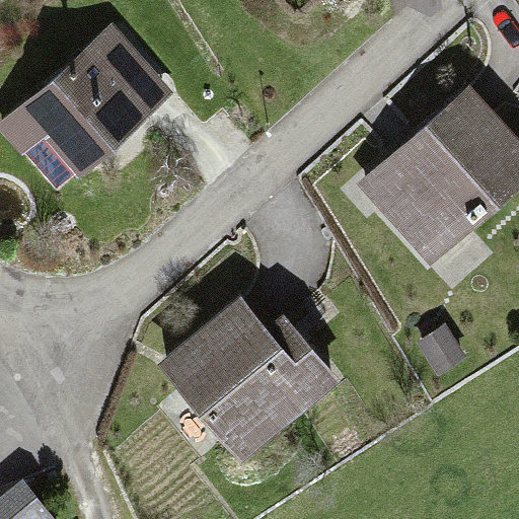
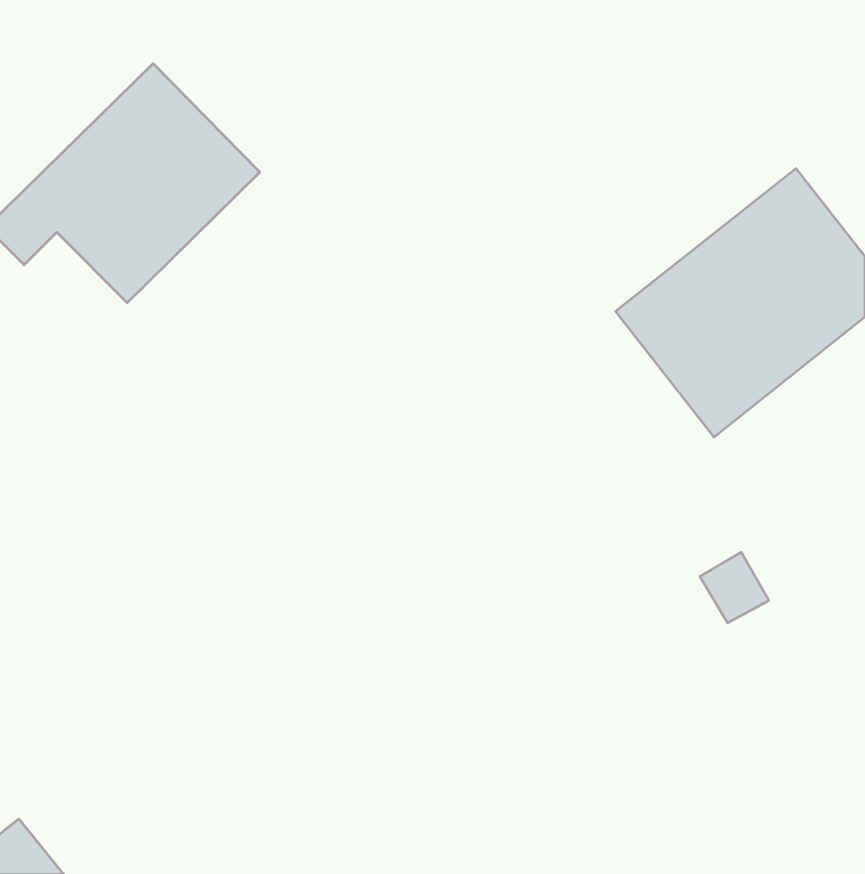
building: [192,295,351,459] -> none

